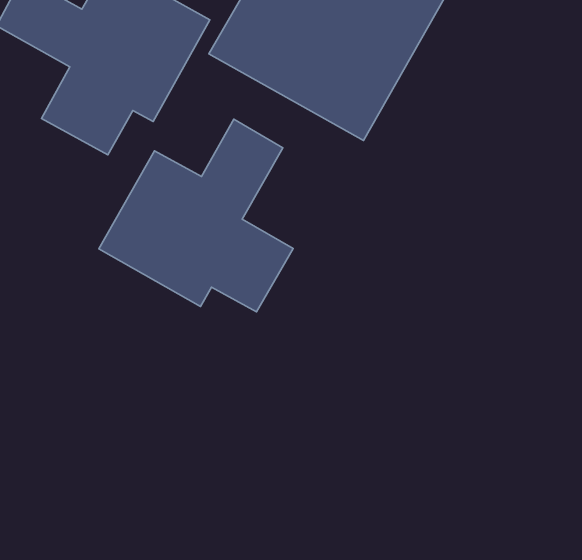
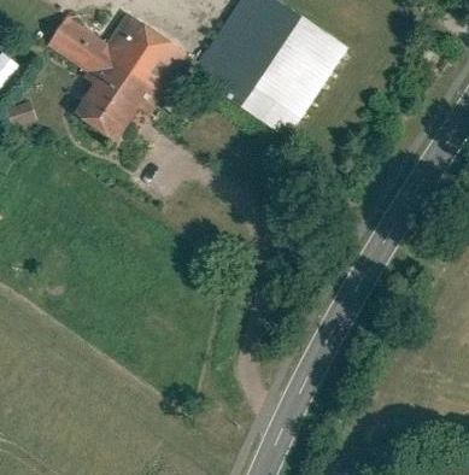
building: [99,119,293,312] -> none

